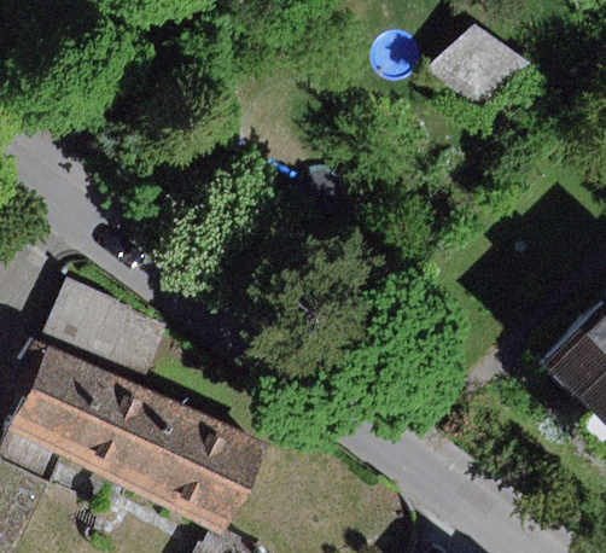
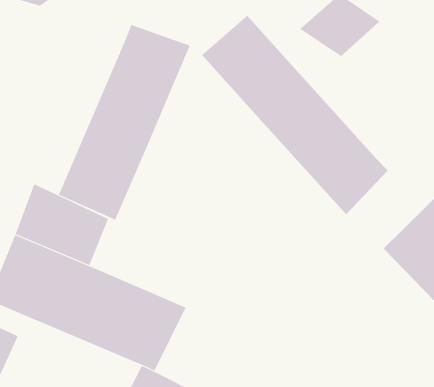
building: none -> [201,15,389,215]
building: none -> [58,24,191,221]

